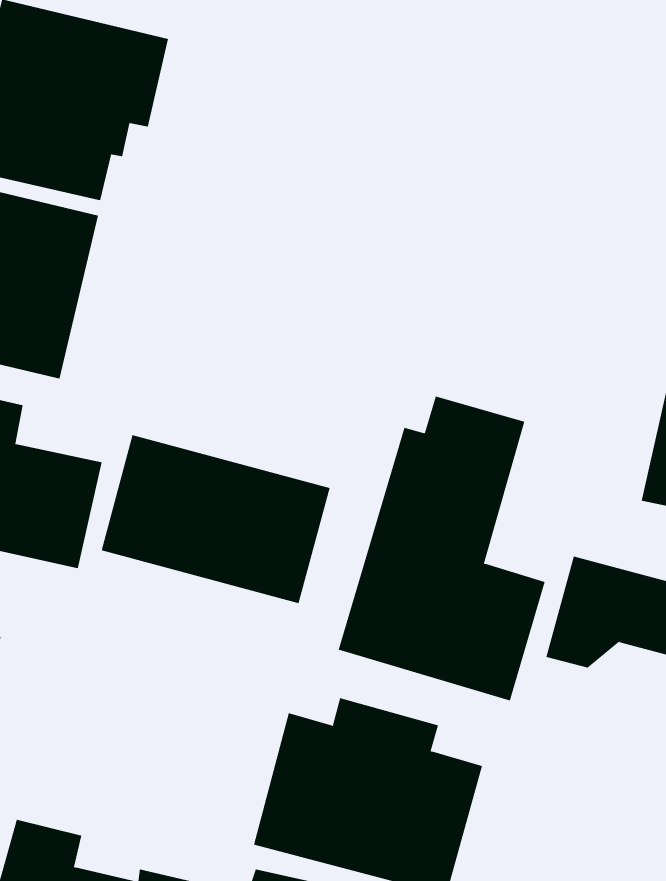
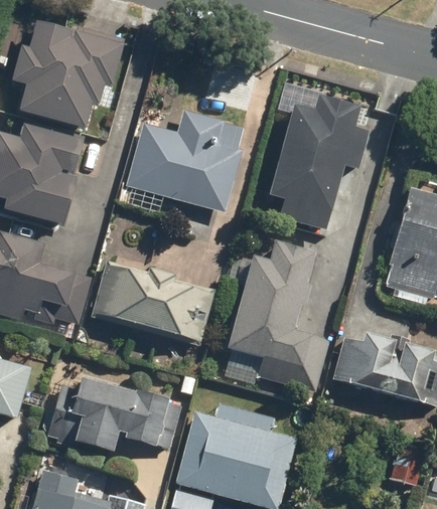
building: none -> [267,82,377,231]
building: none -> [124,108,248,214]
building: none -> [55,372,183,453]

